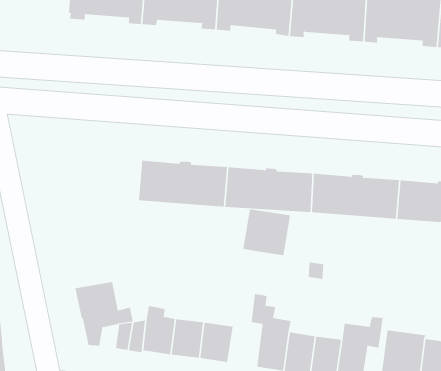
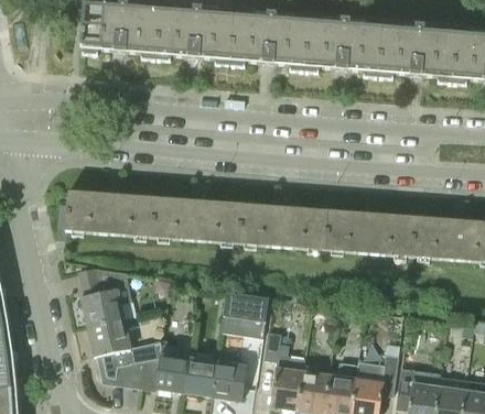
building: none -> [56,190,154,240]
building: [243,209,291,256] -> [220,291,269,338]
building: none -> [78,266,131,325]

